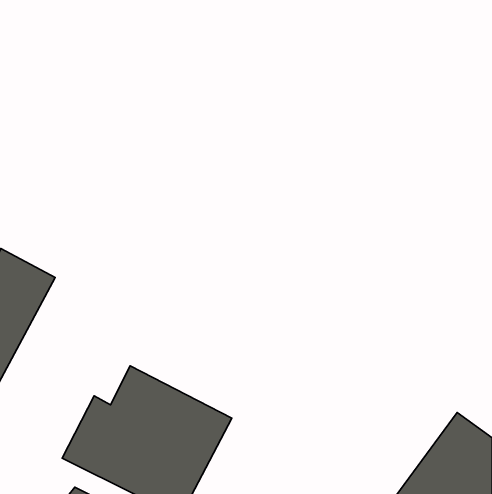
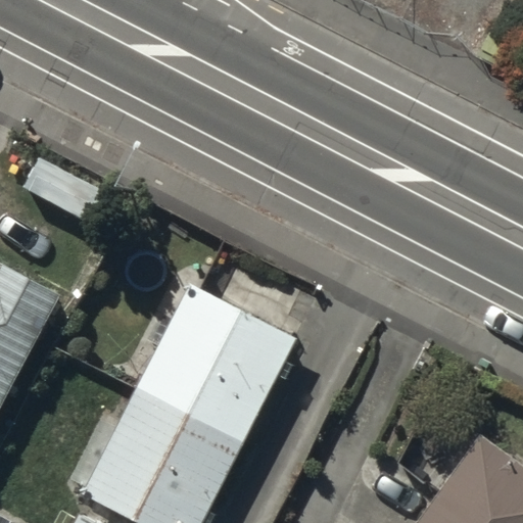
building: none -> [137,284,298,442]

